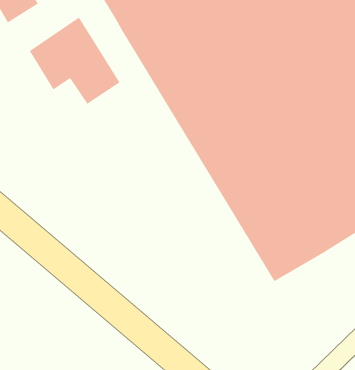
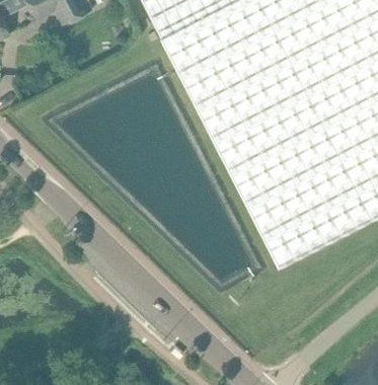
building: [29,16,120,105] -> none

